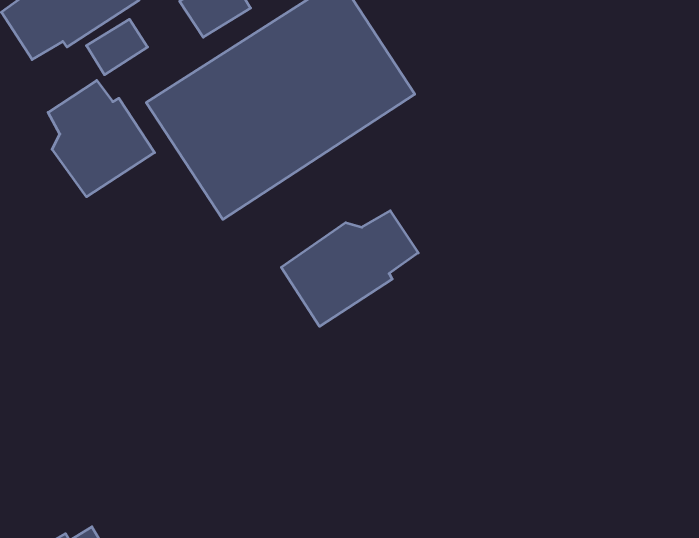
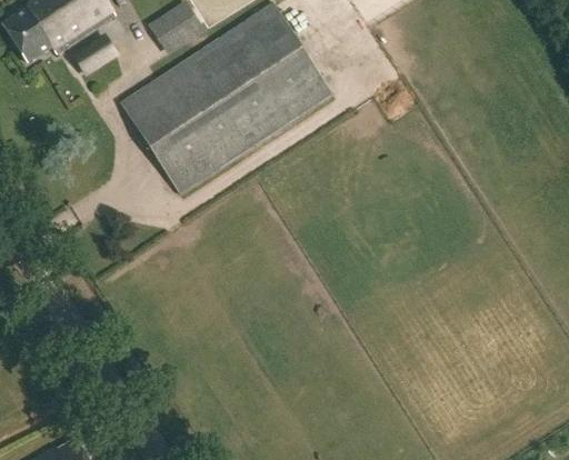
building: [48,80,155,197] -> none
building: [281,211,418,326] -> none

